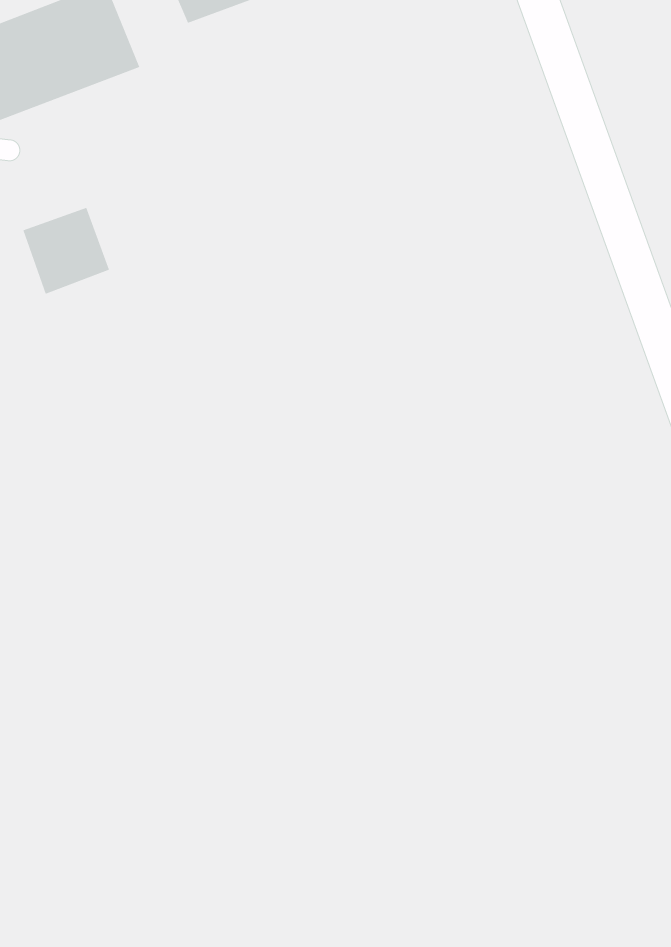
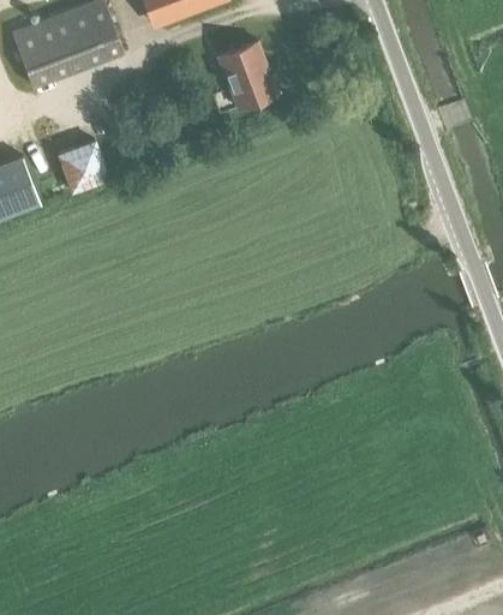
building: none -> [217,41,276,108]

